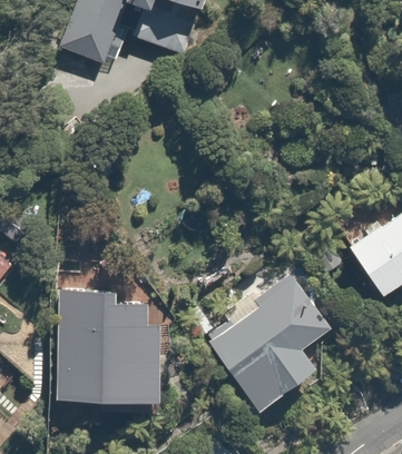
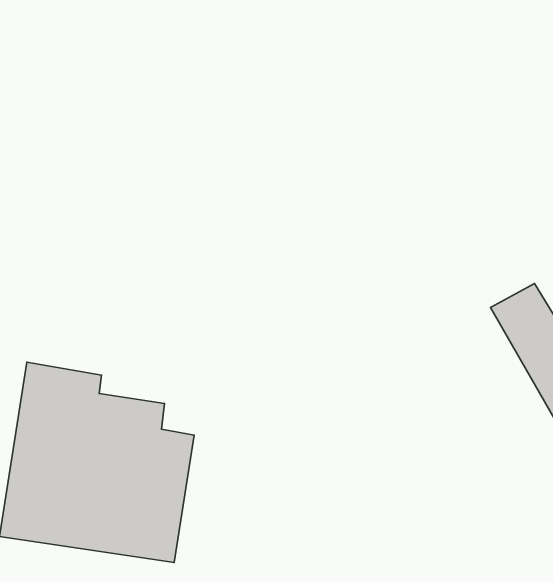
building: [207,280,327,394] -> none

